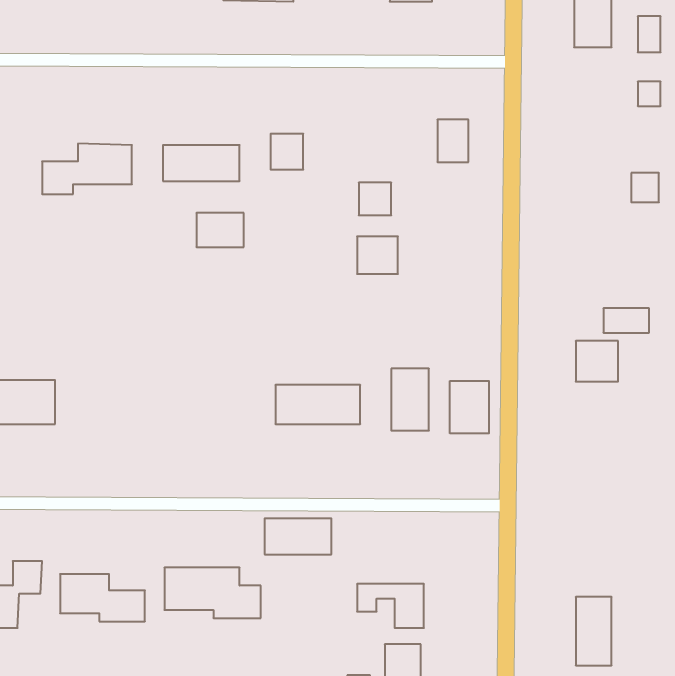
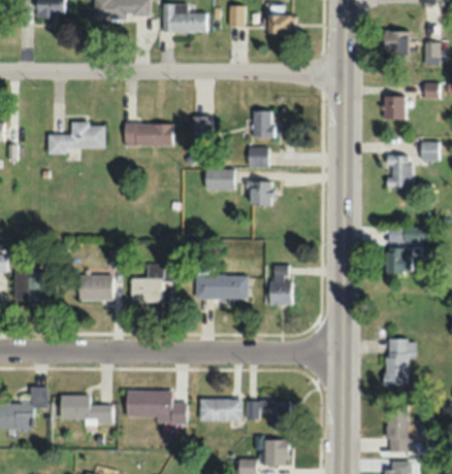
building: none -> [384,96,407,120]
building: [437,120,468,162] -> [254,110,273,137]
building: none -> [386,155,412,188]
building: [196,213,244,247] -> [205,169,235,191]
building: none -> [132,264,163,302]
building: [450,381,489,433] -> none
building: none -> [79,275,115,300]
building: none -> [385,339,416,385]
building: [265,518,331,554] -> [200,398,243,420]

